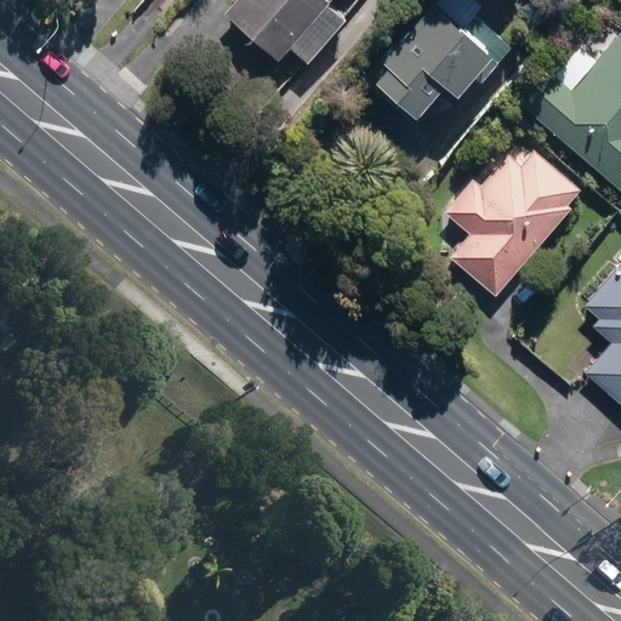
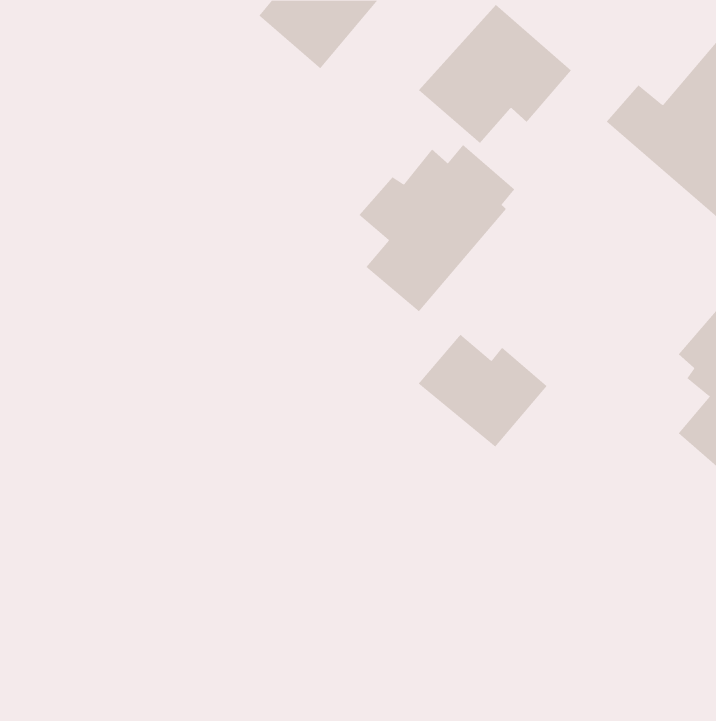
building: [445,152,580,296] -> [358,144,515,312]
building: none -> [418,334,548,447]

